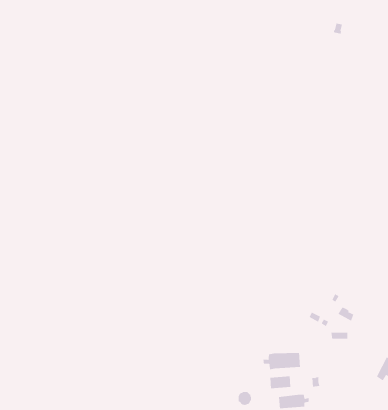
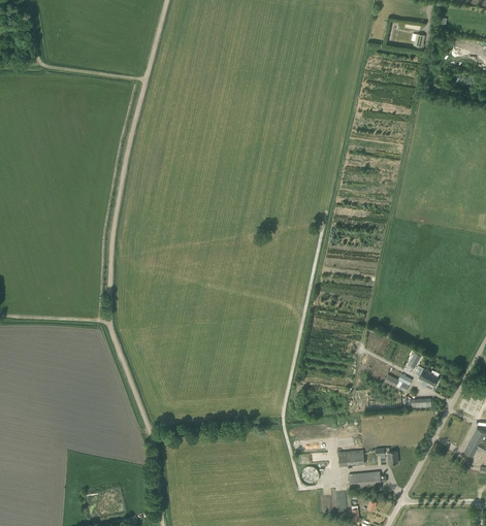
building: [263,352,301,370] -> none

